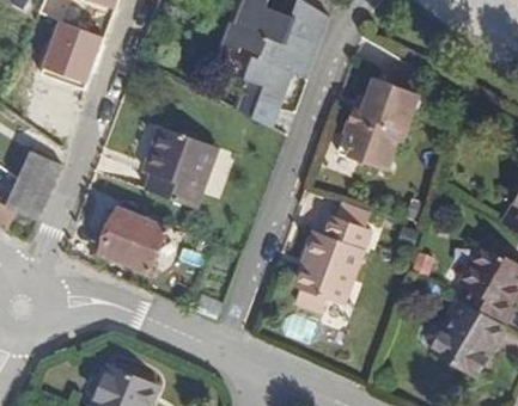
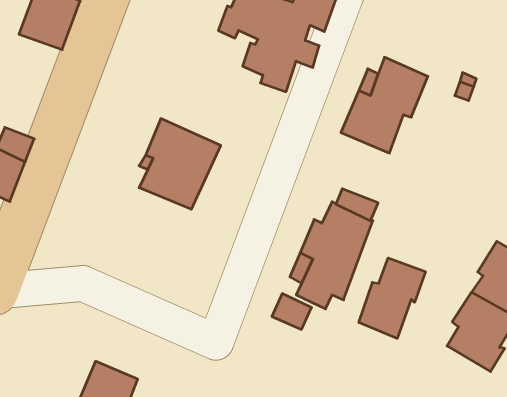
building: [100,223,166,285] -> none
building: none -> [359,258,425,338]

